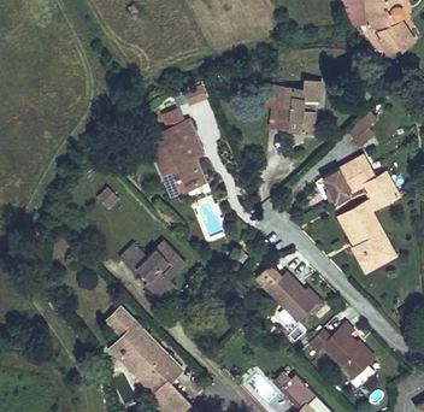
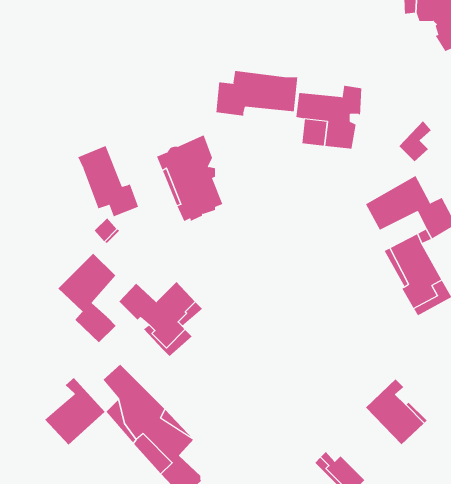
building: none -> [216,70,298,117]
building: none -> [77,145,139,217]
building: none -> [58,253,117,343]
building: [270,271,317,319] -> none
building: none -> [44,377,106,446]

